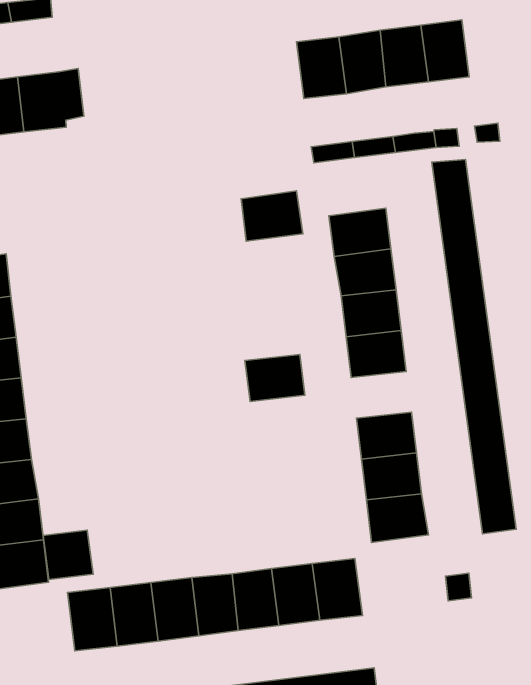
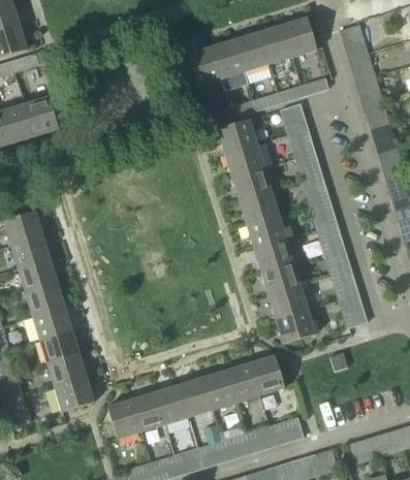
building: none -> [283,17,317,57]
building: [241,191,303,241] -> [217,119,257,154]
building: [245,354,305,401] -> [254,238,293,271]
building: [43,530,93,580] -> none

